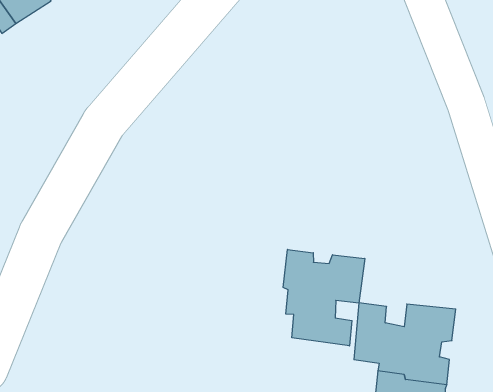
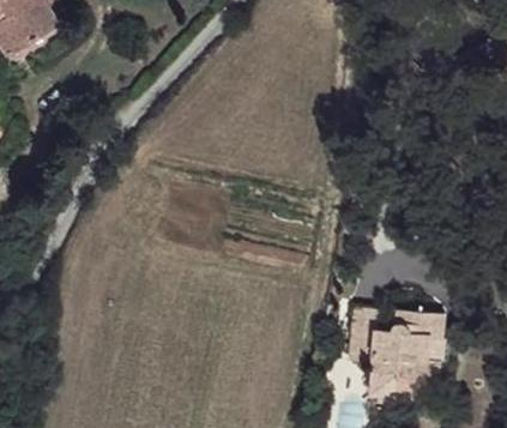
building: [283,249,365,346] -> none

